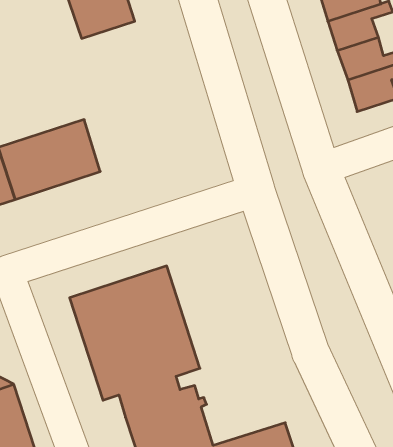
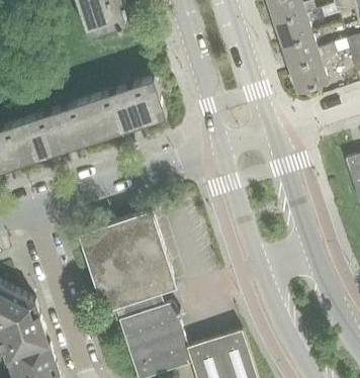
building: none -> [89,78,167,138]

